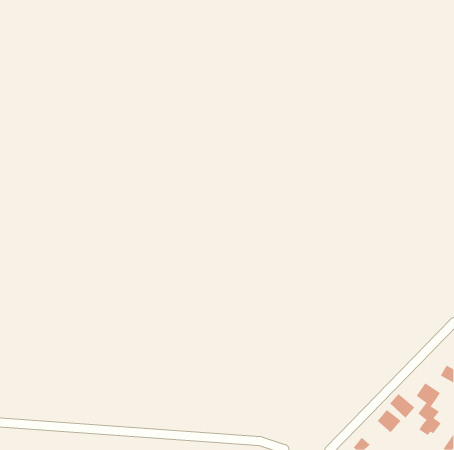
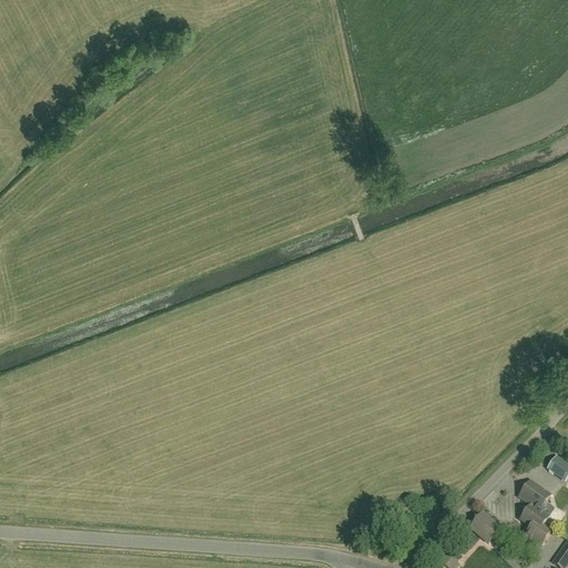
building: [389,393,415,418] -> none

